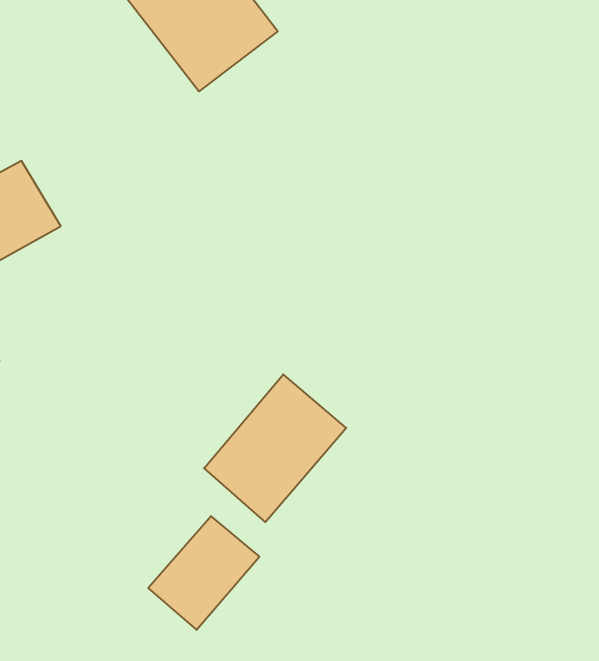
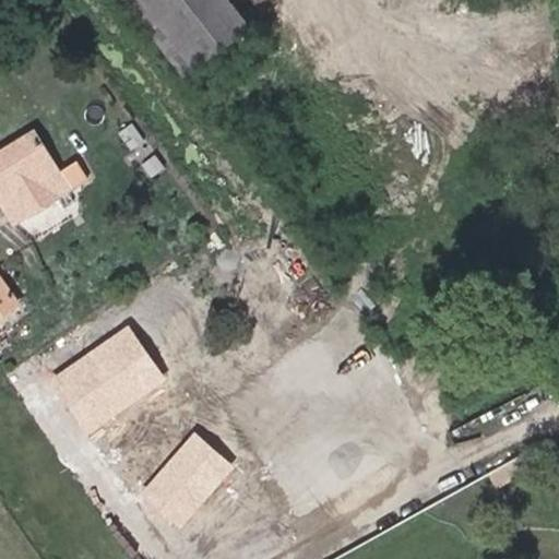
building: [204,374,346,522] -> none
building: none -> [50,324,166,433]

